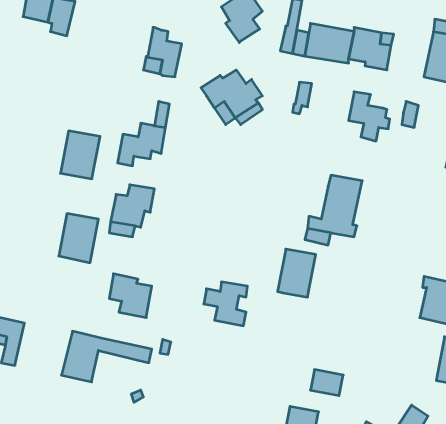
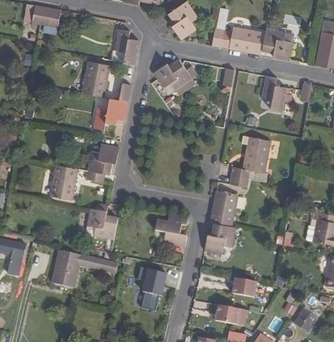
building: [60,131,100,179] -> [81,61,110,96]
building: none -> [204,222,236,252]
building: none -> [137,267,166,311]

